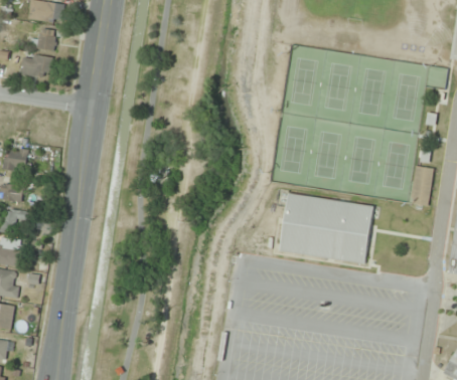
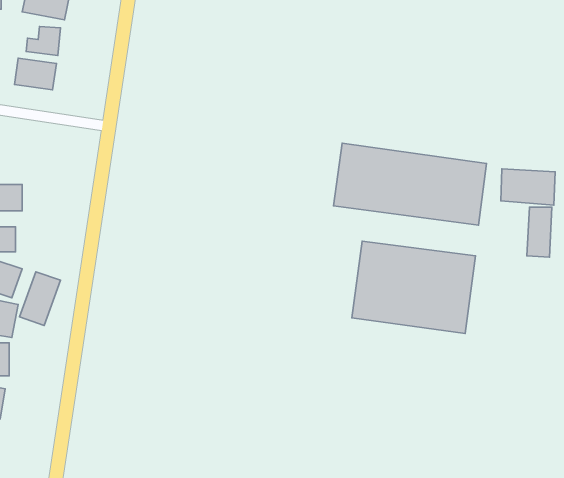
building: none -> [334,143,487,225]
building: none -> [501,169,555,205]
building: none -> [19,272,60,325]

